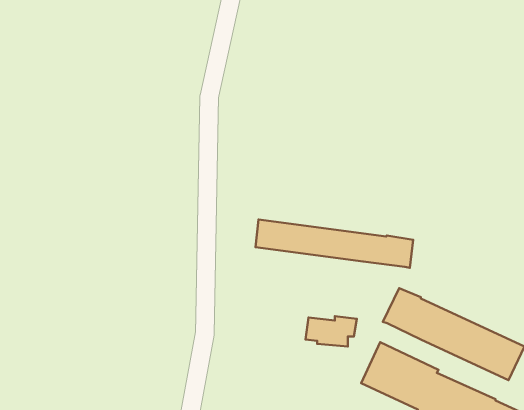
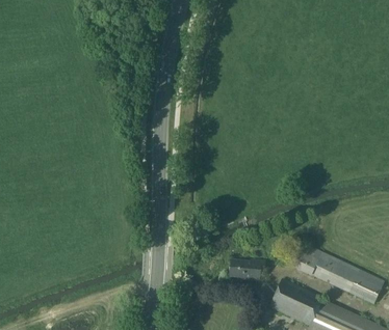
building: [255,219,413,268] -> none

